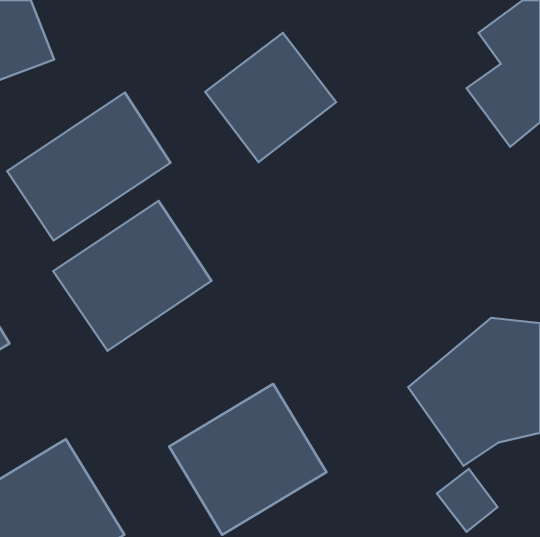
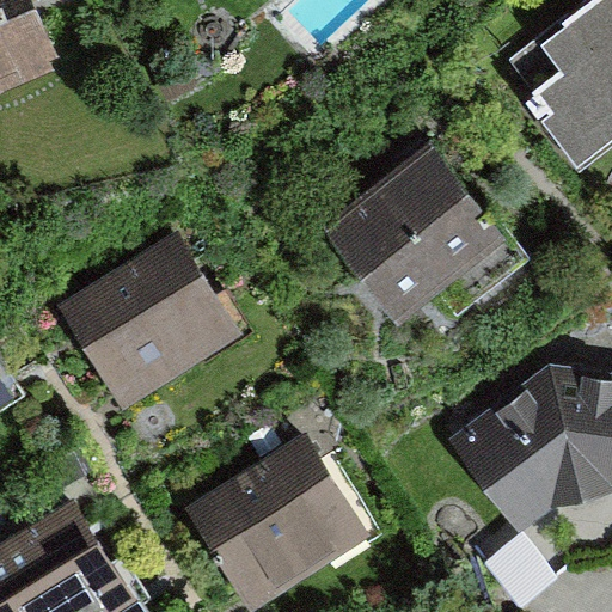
building: [205,33,336,162] -> none
building: [7,93,171,240] -> none
building: none -> [322,143,531,324]

